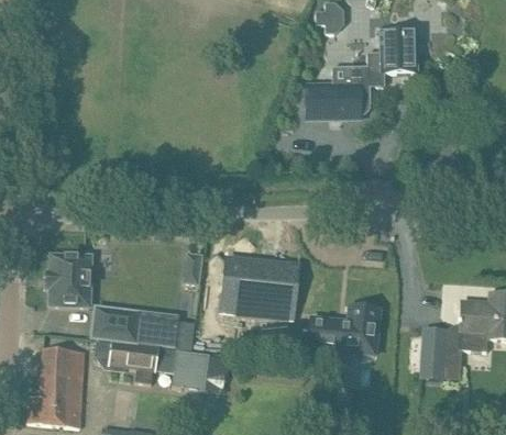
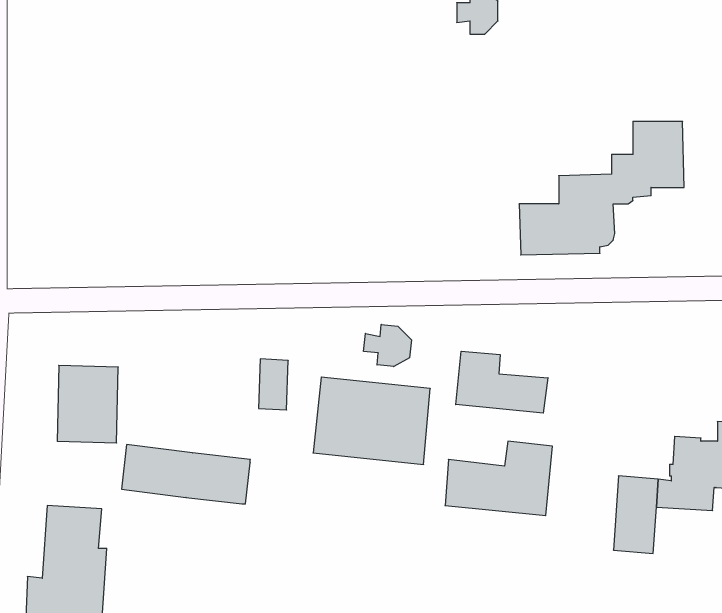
building: [306,30,416,119] -> [519,121,684,255]
building: none -> [364,324,411,367]
building: none -> [456,351,548,413]
building: [109,341,230,392] -> none

